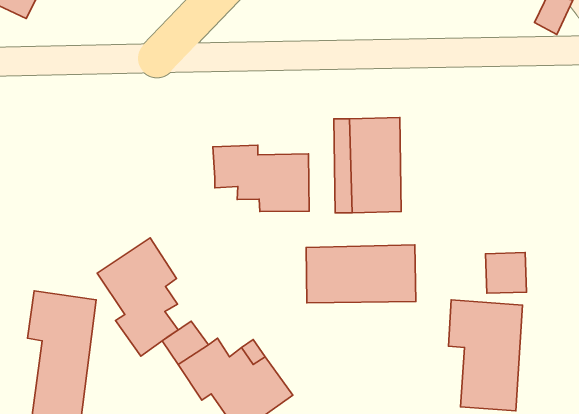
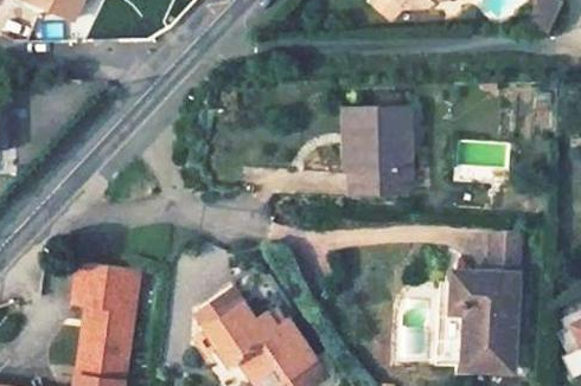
building: [213,145,309,211] -> none
building: [97,238,178,356] -> none
building: [306,245,416,303] -> none

